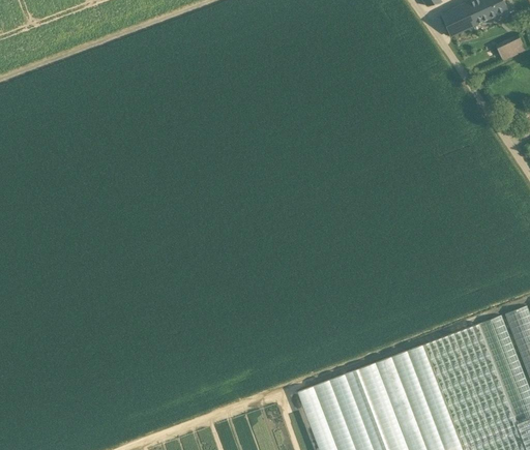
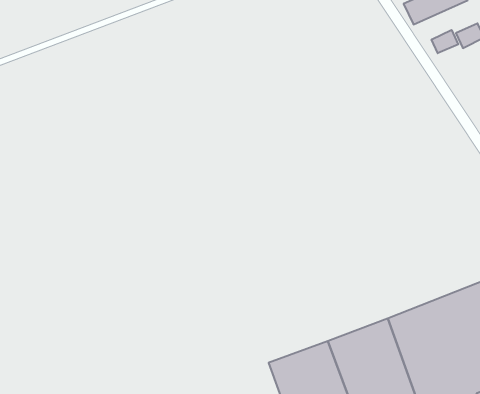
building: none -> [432,30,458,53]

